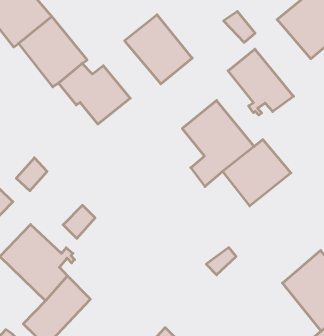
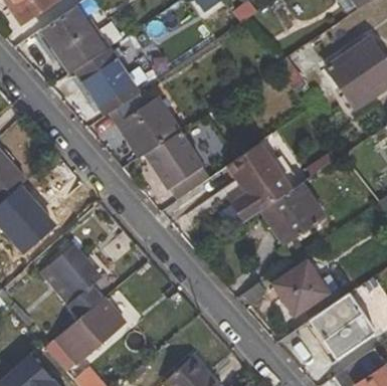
building: [125,15,192,84] -> [145,132,208,198]
building: [228,49,294,115] -> none
building: none -> [272,260,328,316]

